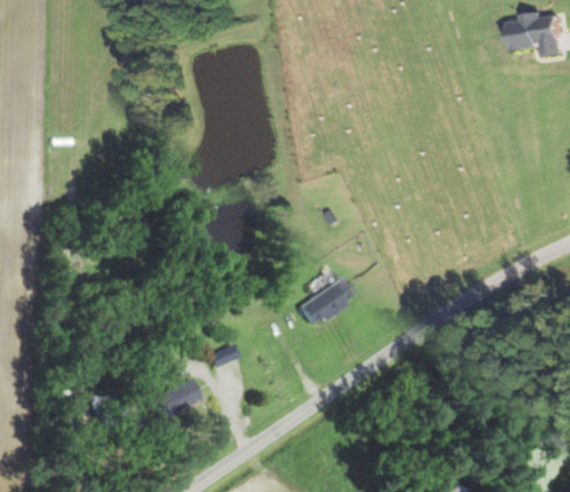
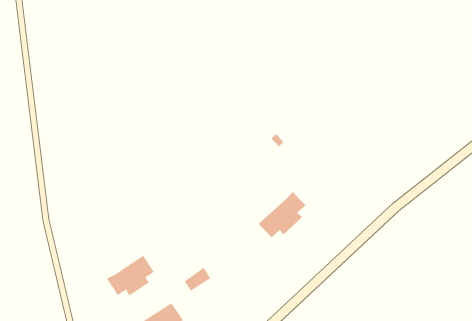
building: none -> [106,255,155,296]

